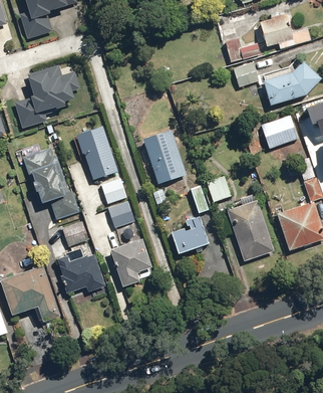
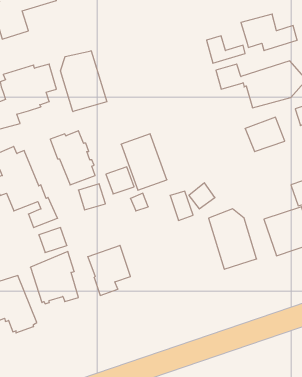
building: none -> [61,51,107,112]
building: [107,201,134,227] -> [106,167,134,194]
building: [172,217,210,255] -> none

